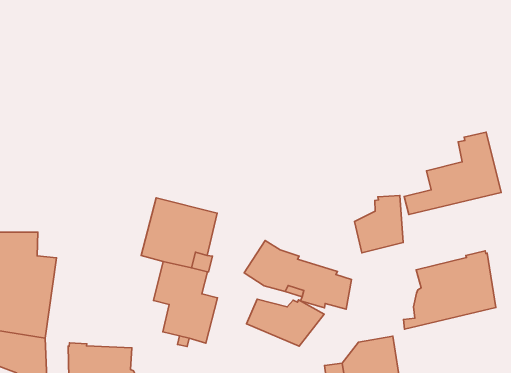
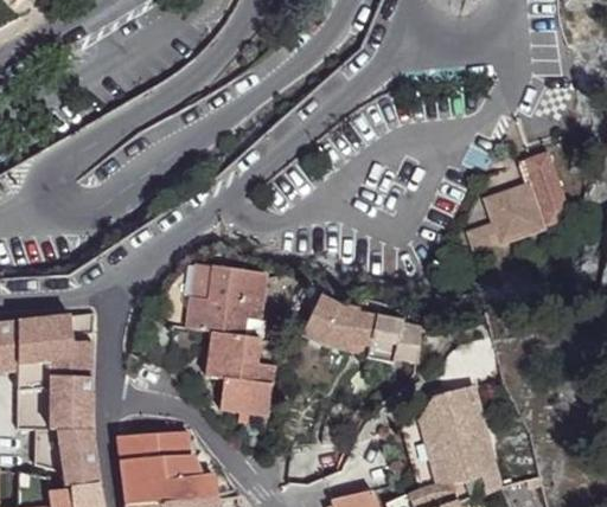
building: [354,196,403,253] -> none
building: [404,251,496,329] -> none
building: [247,299,324,346] -> none

